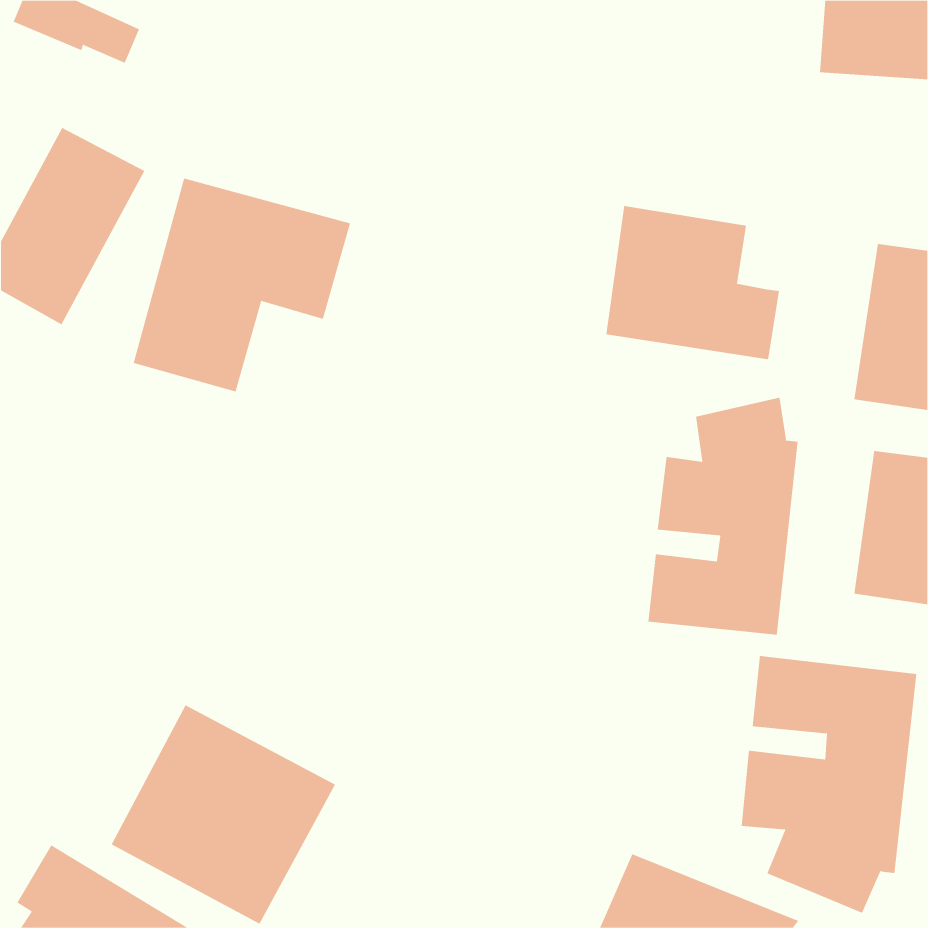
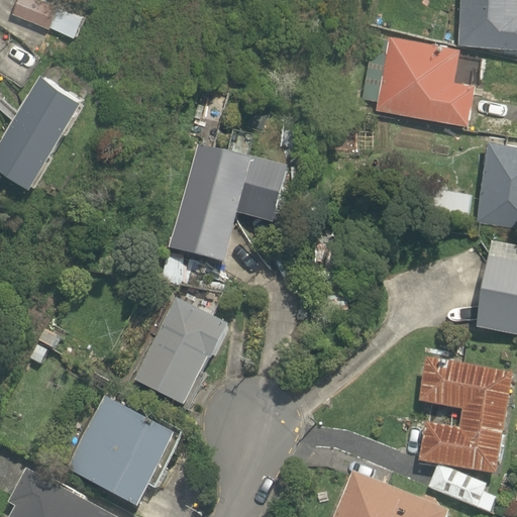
building: [133,178,351,392] -> [170,149,291,269]
building: [605,205,780,360] -> [378,34,475,120]
building: [648,397,798,635] -> none
building: none -> [131,298,227,412]

